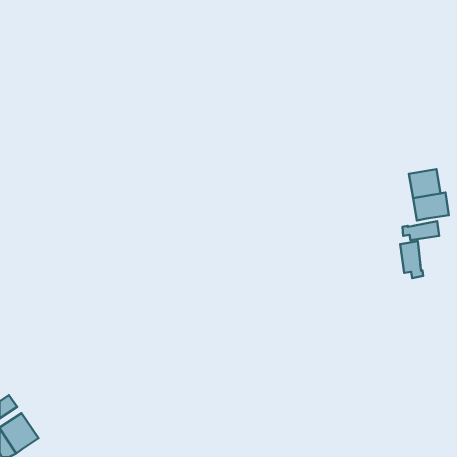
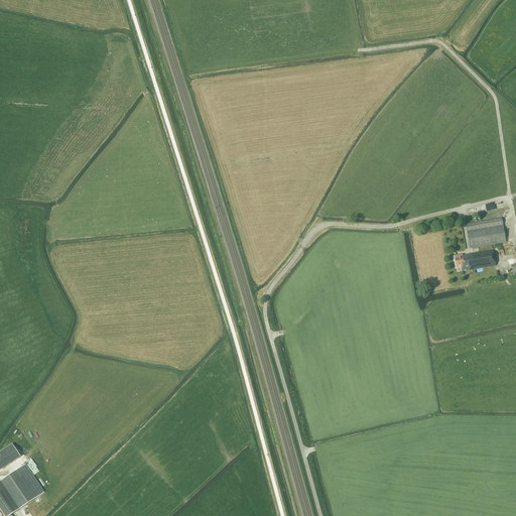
building: [409,169,441,198] -> none
building: [400,241,423,278] -> none

